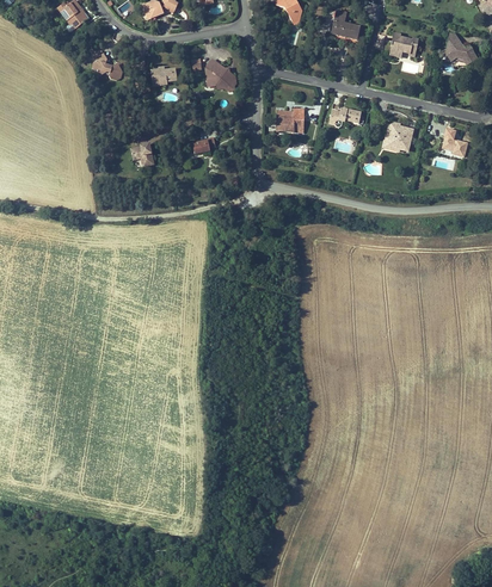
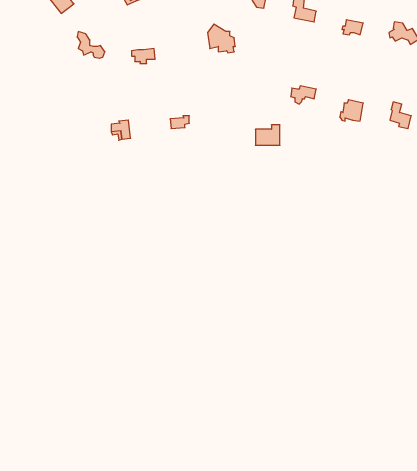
building: [205,58,236,91] -> [208,24,235,53]
building: [275,109,302,131] -> [255,125,280,145]

